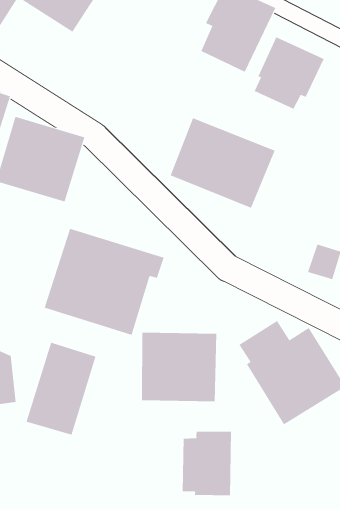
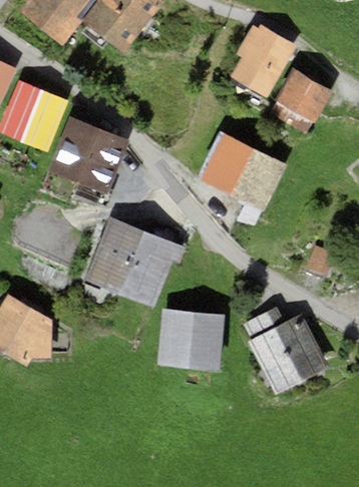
building: [26,342,96,435] -> none
building: [182,431,231,496] -> none

